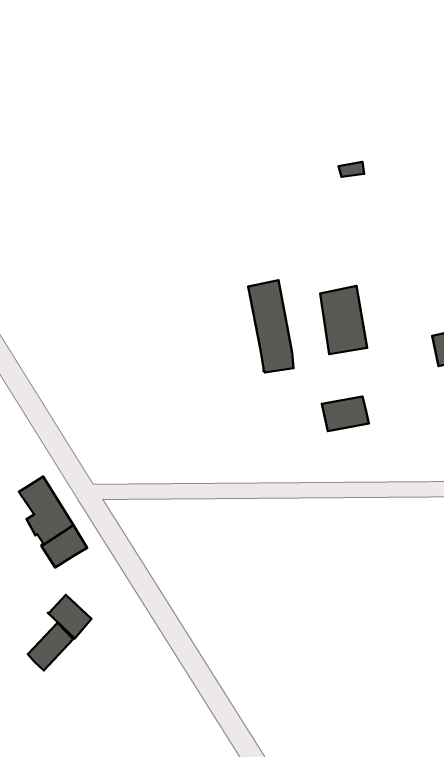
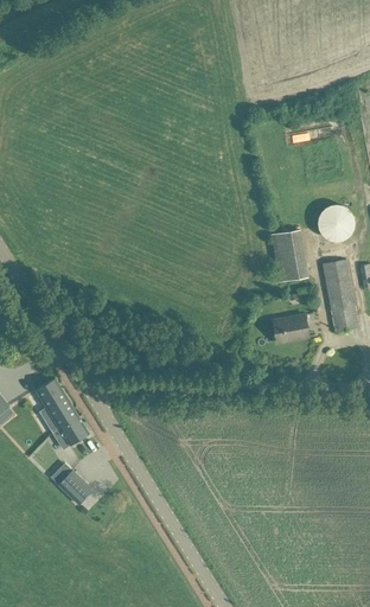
building: none -> [320,205,353,238]
building: [248,280,294,373] -> [321,260,357,332]
building: [28,623,73,671] -> none

